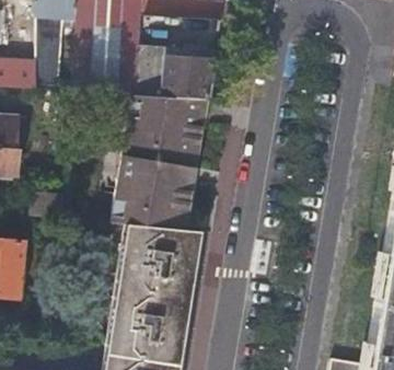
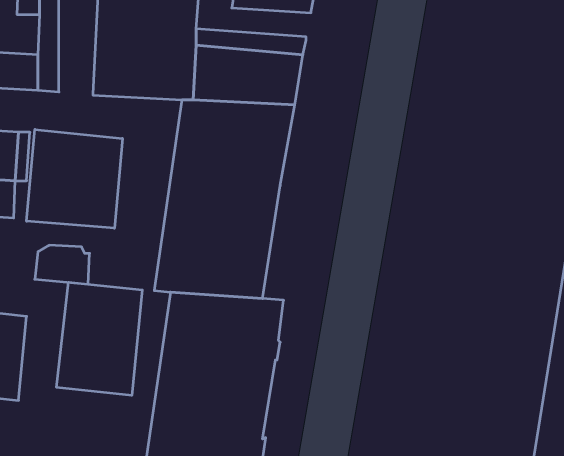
building: none -> [27,129,122,228]
building: none -> [57,282,142,395]

